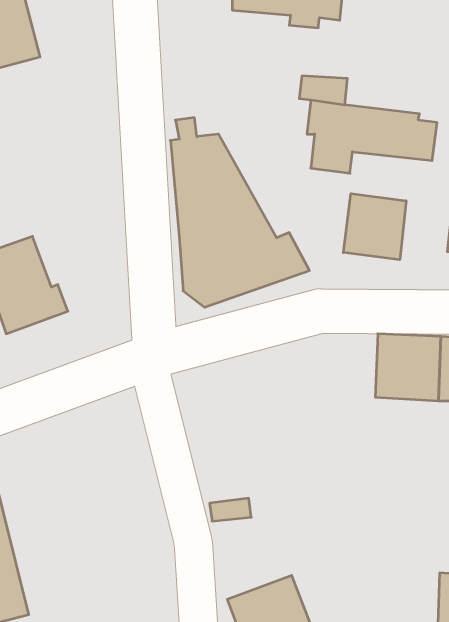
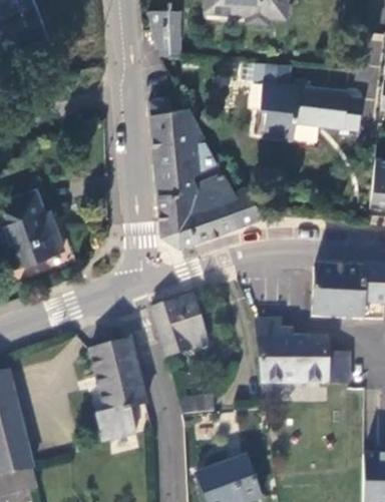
building: none -> [150,6,182,52]
building: [343,194,406,260] -> none
building: none -> [150,296,206,357]
building: none -> [255,320,349,383]
building: none -> [83,337,145,442]

